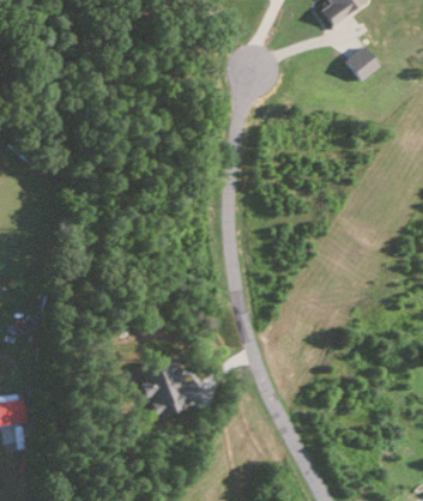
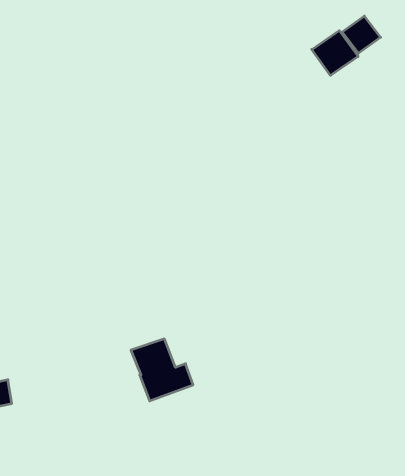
building: none -> [312,31,358,75]

